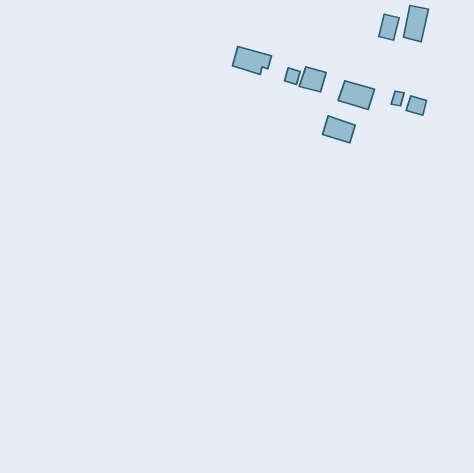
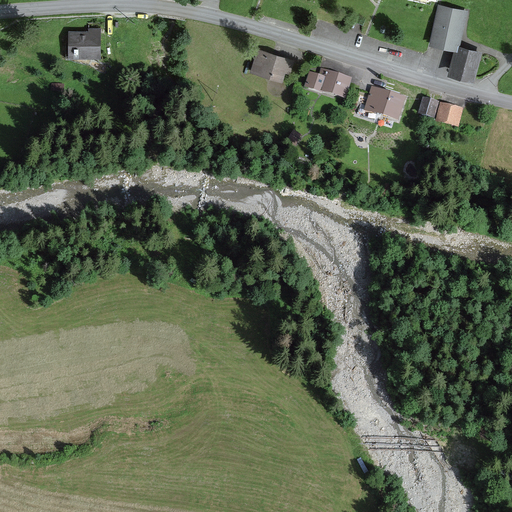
building: [379,14,399,40] -> [453,46,475,74]
building: none -> [68,28,99,57]
building: [322,116,355,143] -> none

